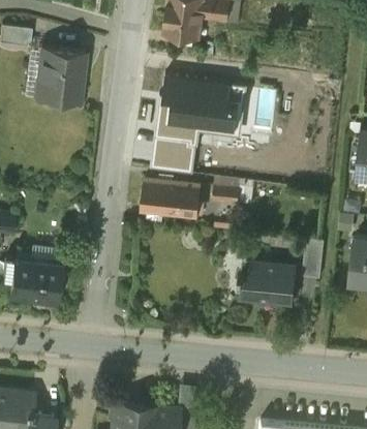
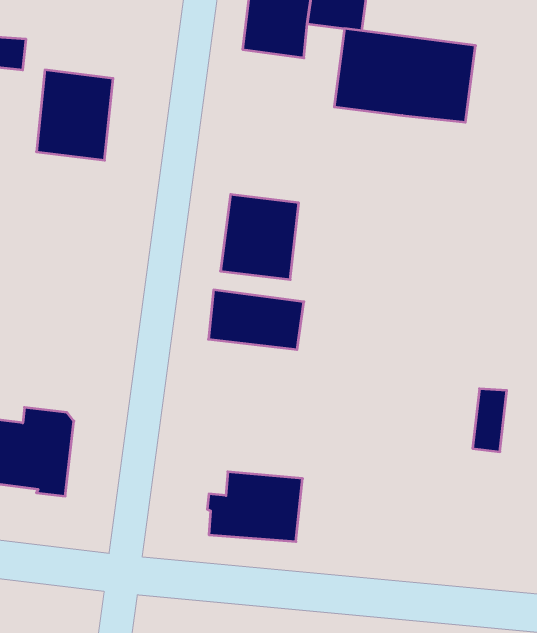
building: [157,75,243,132] -> [334,29,476,122]
building: [212,180,240,207] -> none
building: [238,264,296,306] -> [207,472,303,542]

